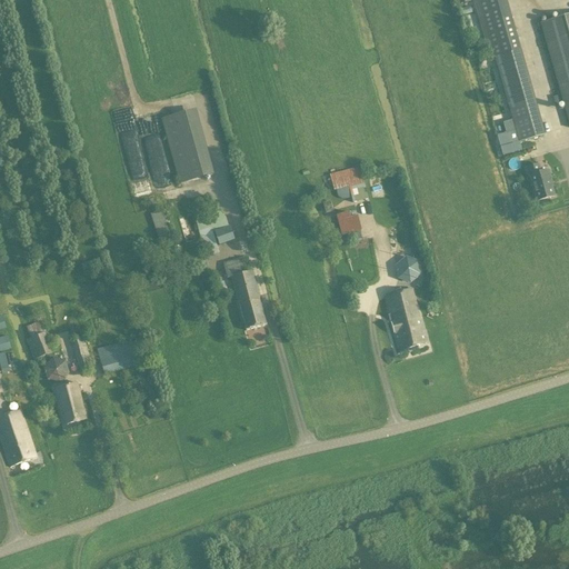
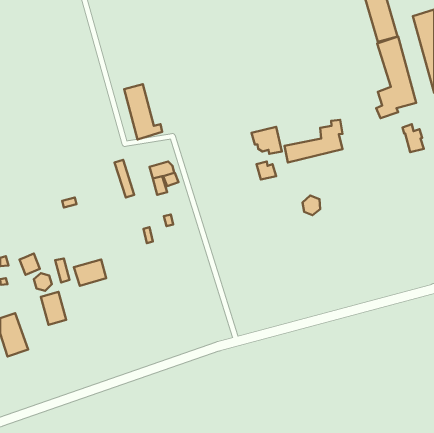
building: none -> [285,120,343,162]
building: [222,257,267,329] -> none
building: [385,287,427,349] -> none

